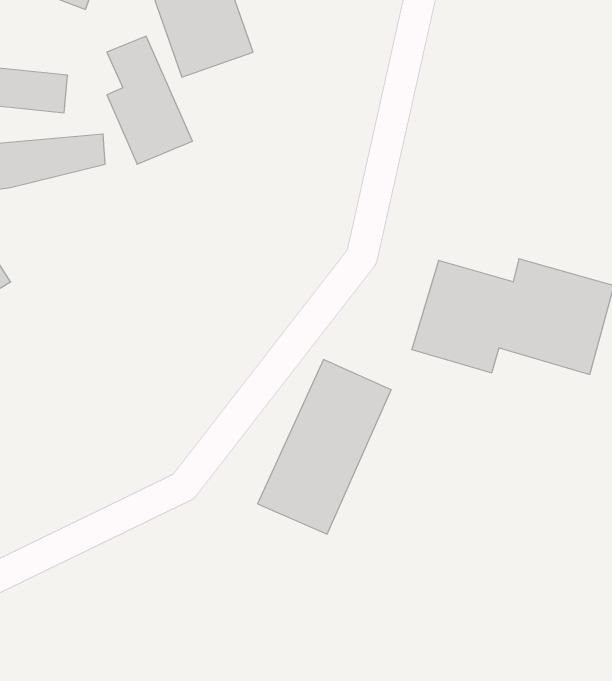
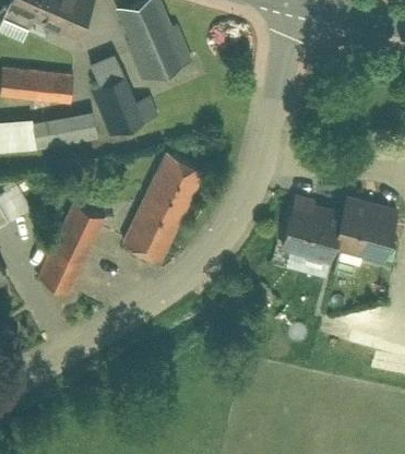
building: none -> [36,200,108,298]
building: [258,360,391,534] -> [122,153,204,260]

